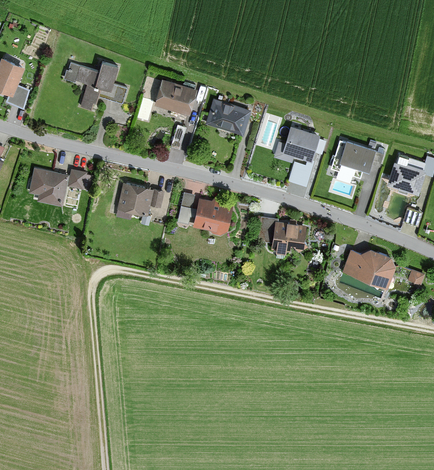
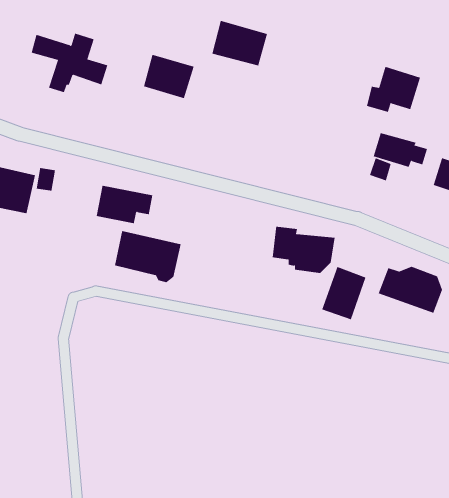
building: [206,99,251,136] -> [212,20,268,66]
building: [275,126,319,163] -> [366,66,421,112]
building: [178,194,232,236] -> [114,231,182,283]
building: none -> [321,266,366,320]

